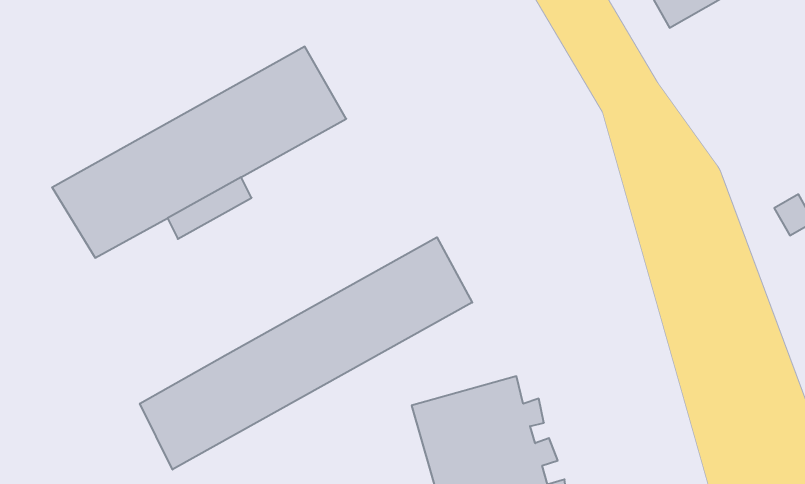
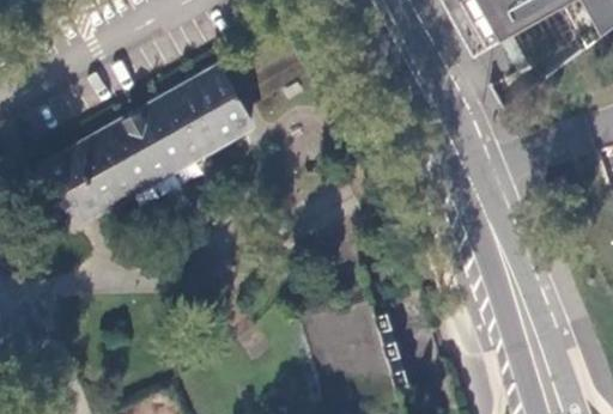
building: [140,237,472,470] -> none

